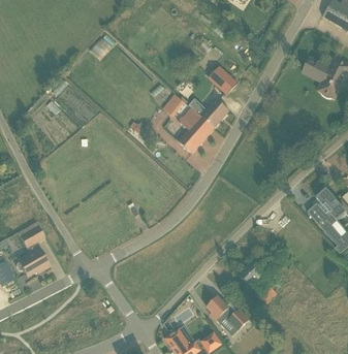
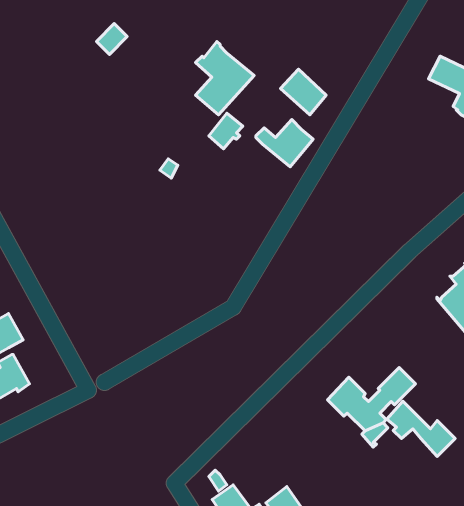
building: [177,105,214,152] -> [196,41,254,115]
building: [205,295,249,330] -> [387,401,455,456]

